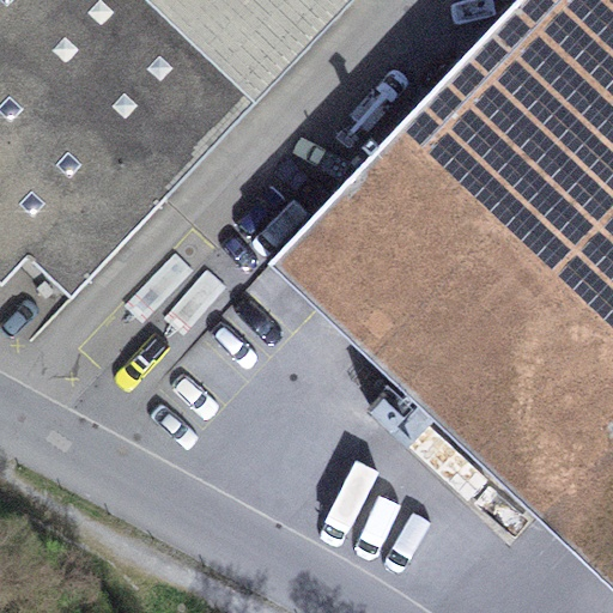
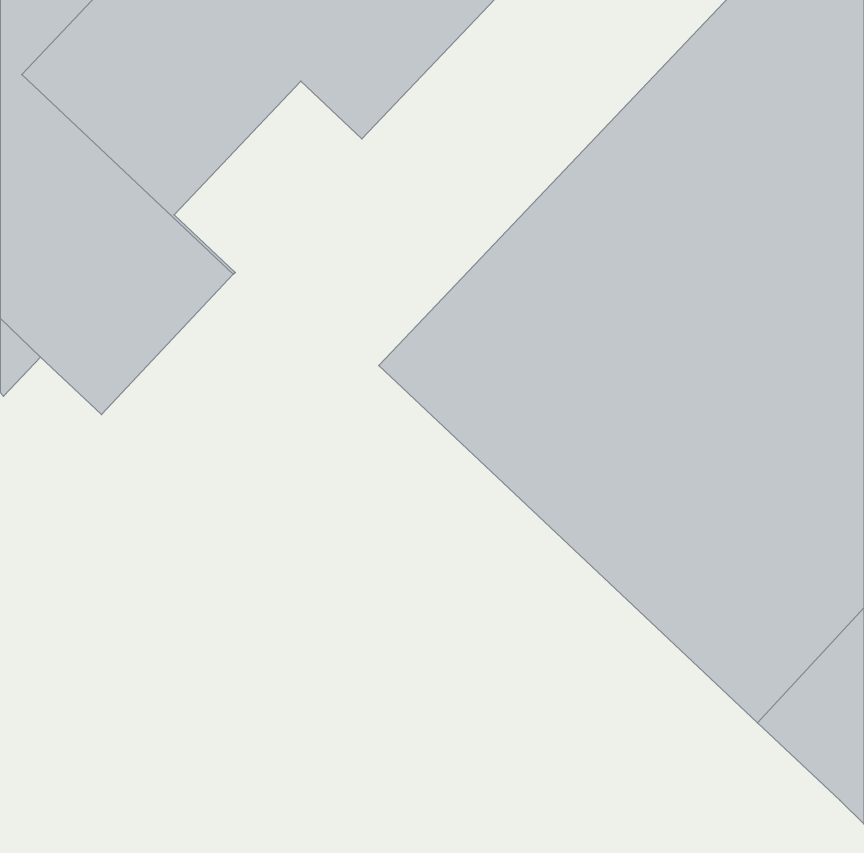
building: [123,57,256,193] -> none

